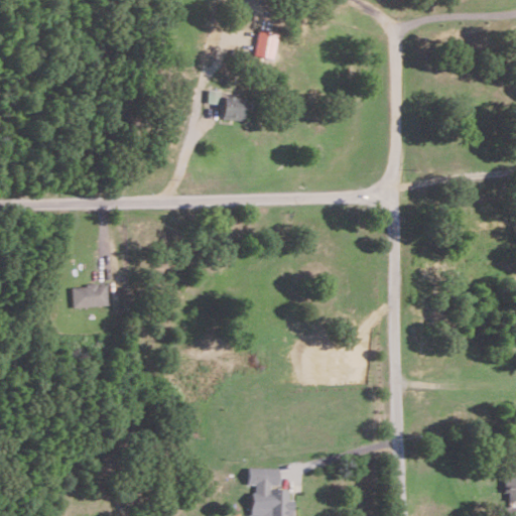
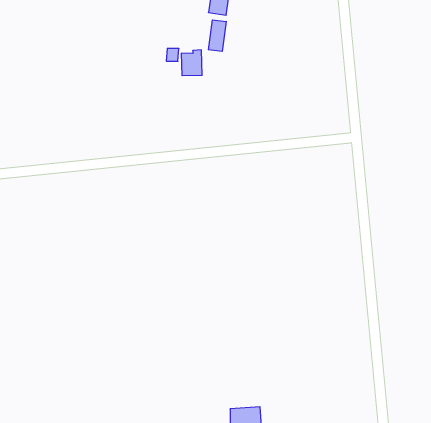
building: none -> [208,20,226,51]
building: [74,286,110,308] -> none

